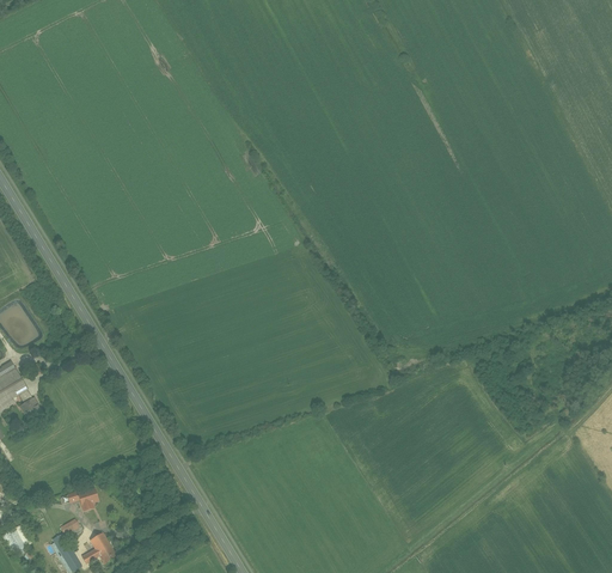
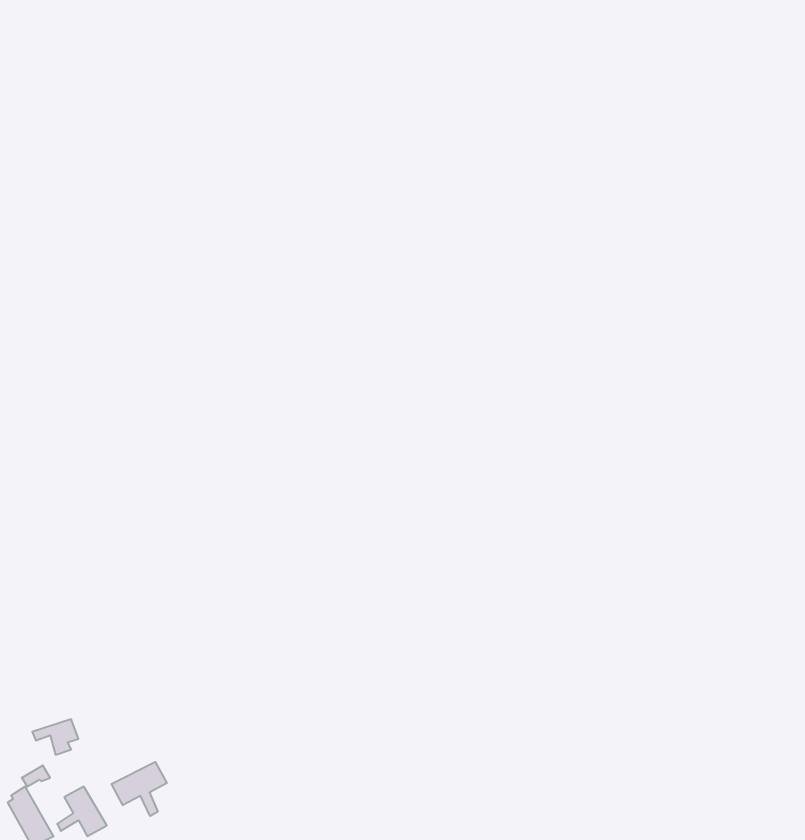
building: none -> [111,762,167,816]

